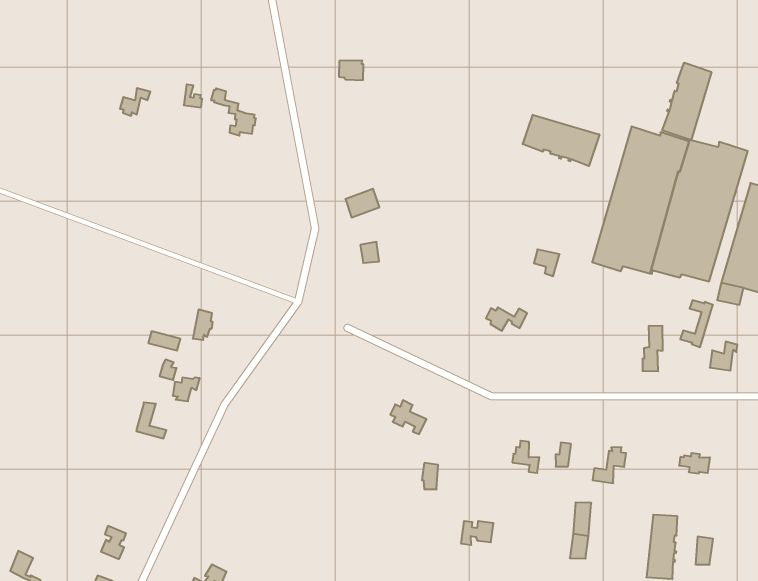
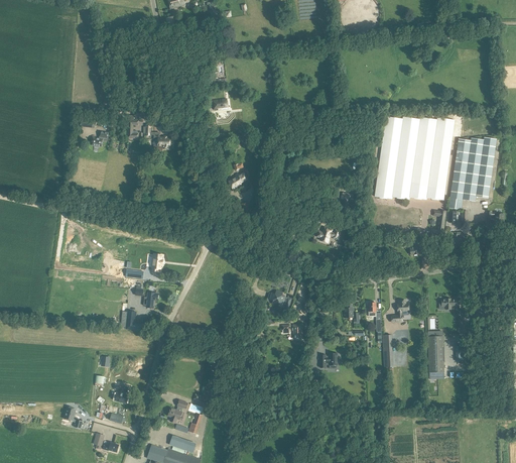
building: [662,63,711,140] -> none
building: [523,115,599,166] -> none

